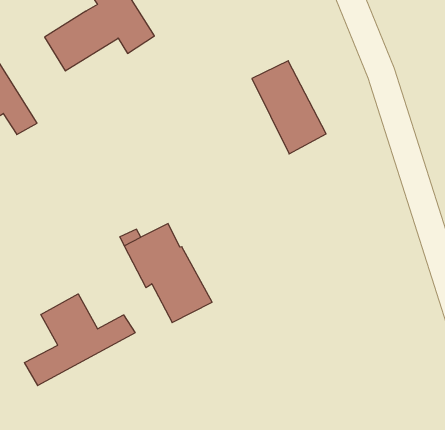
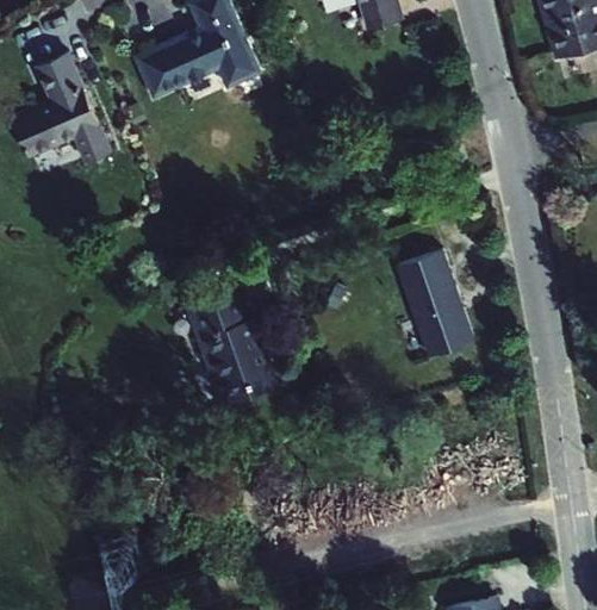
building: [252,61,326,154] -> [402,250,477,356]
building: [24,294,135,386] -> none

